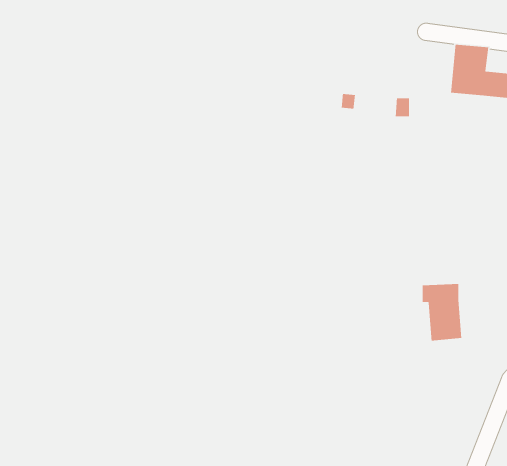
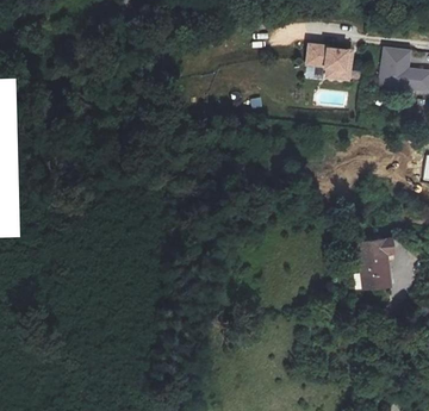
building: none -> [309,45,355,86]

